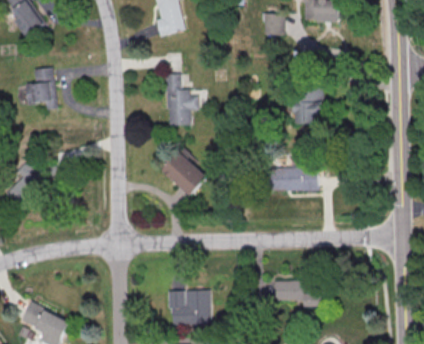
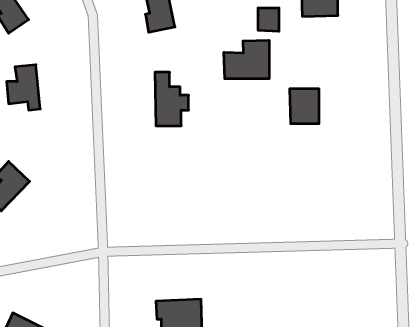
building: none -> [224,40,269,79]
building: [161,151,206,196] -> none
building: [274,166,318,191] -> none
building: [275,281,323,307] -> none

